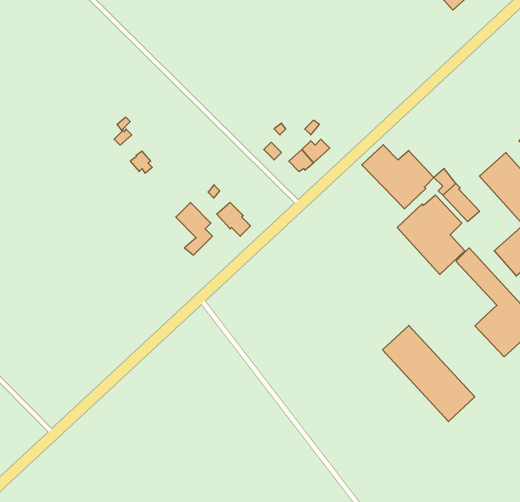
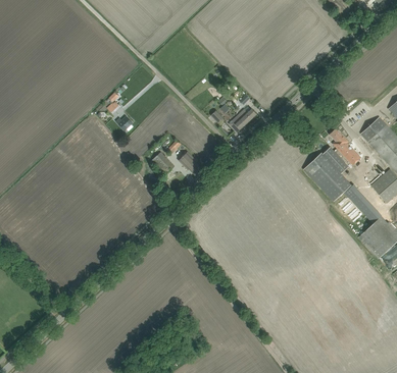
building: [362,145,434,209] -> none
building: [383,325,475,422] -> none

